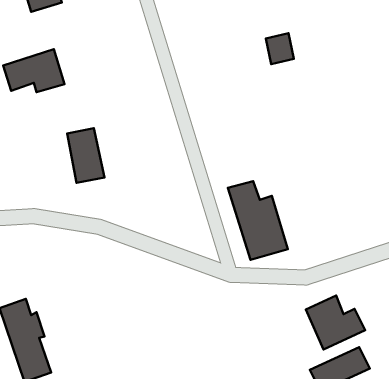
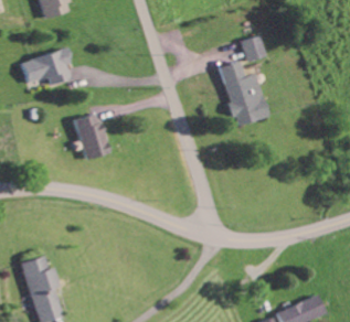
building: [228,181,288,260] -> [216,61,266,126]
building: [306,296,365,349] -> none

